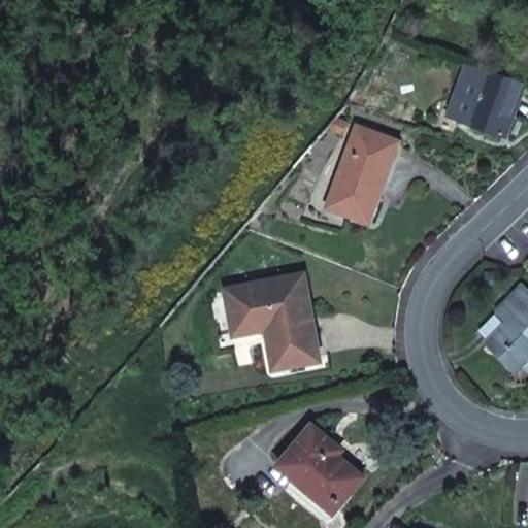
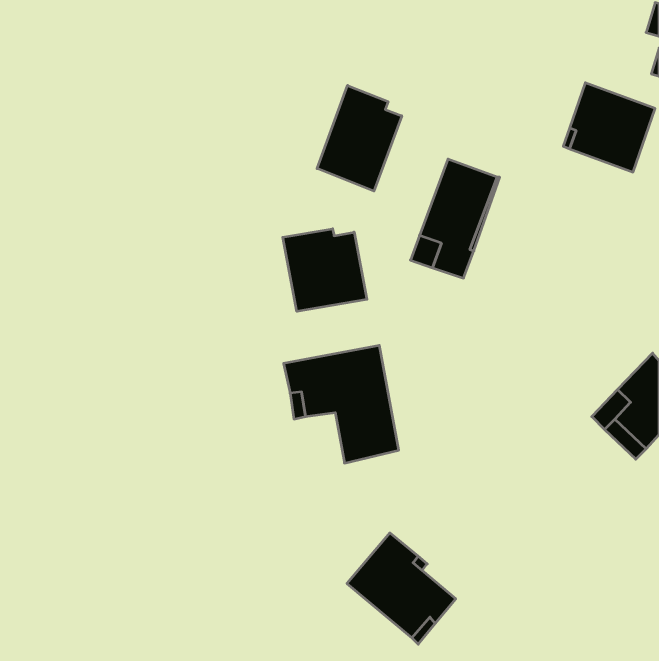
building: none -> [317,85,402,191]
building: none -> [283,229,367,311]

